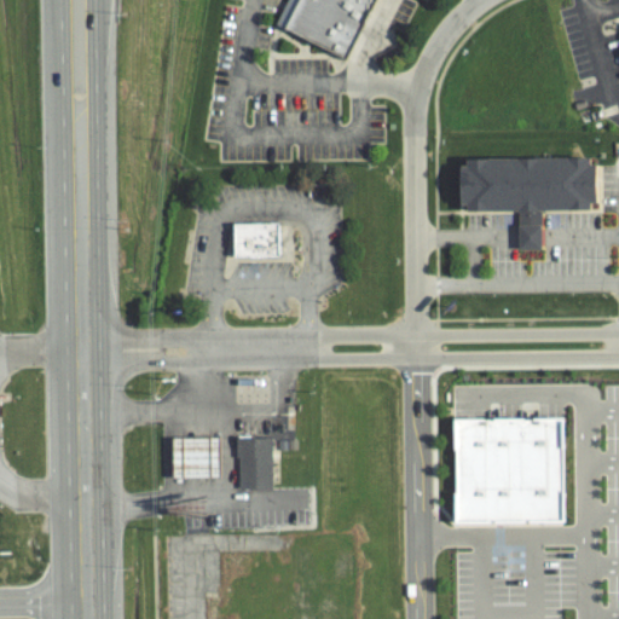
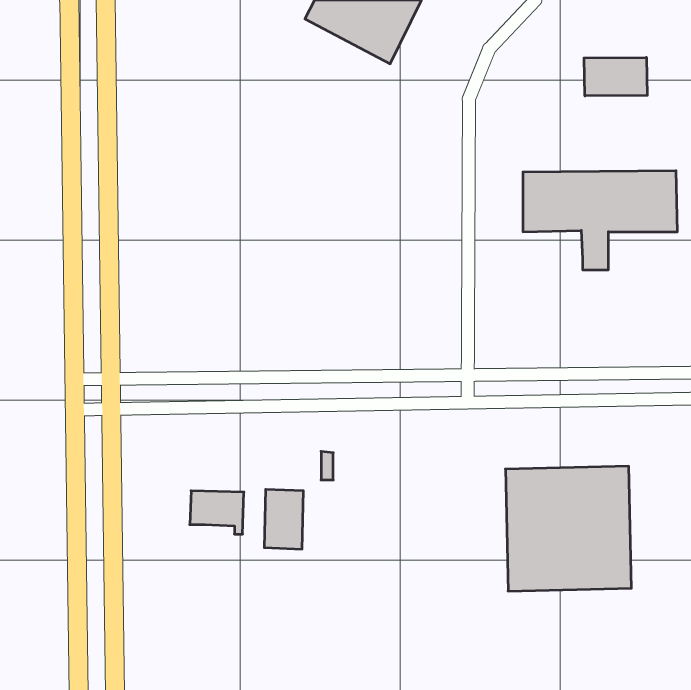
building: none -> [584,57,647,96]
building: [233,222,299,259] -> none

